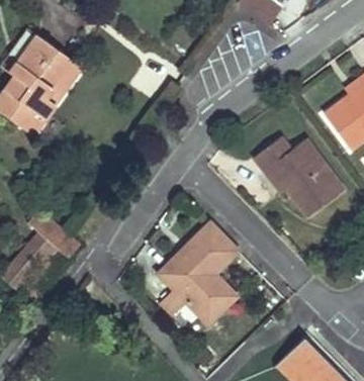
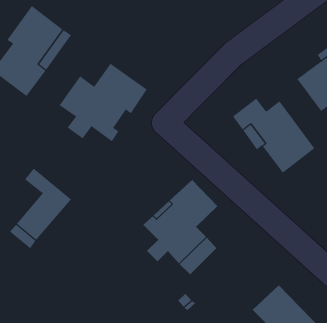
building: none -> [59,63,148,142]

